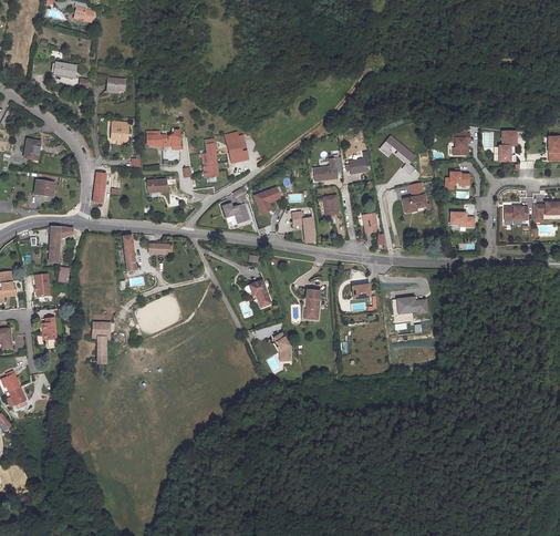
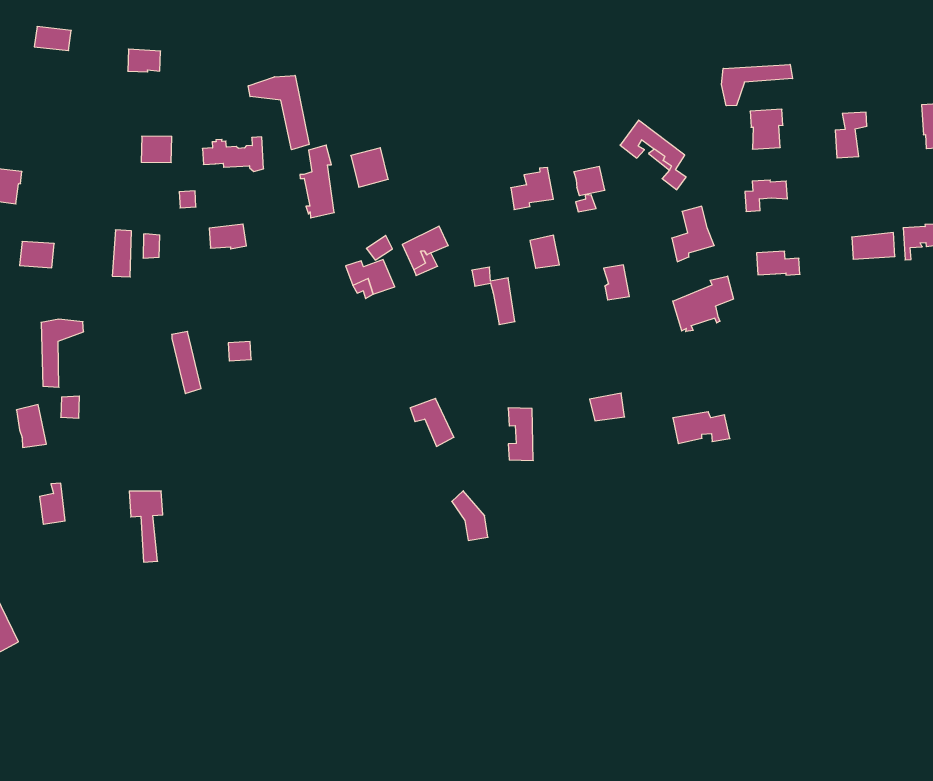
building: none -> [248,75,309,150]
building: none -> [721,64,793,106]
building: none -> [673,276,734,332]

